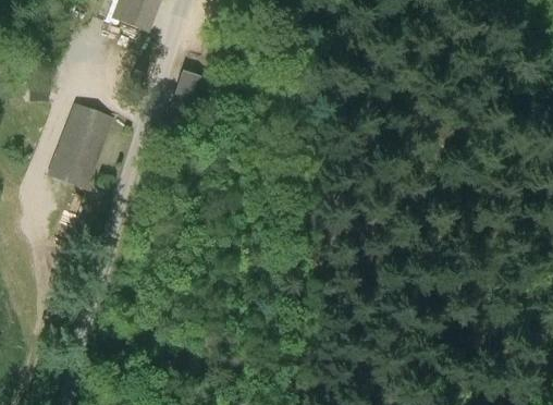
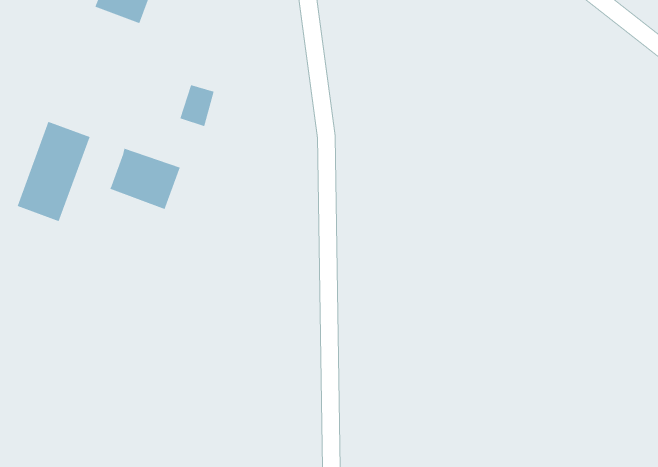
building: none -> [109,148,180,210]

